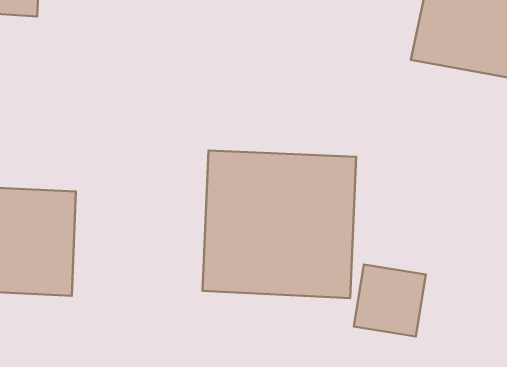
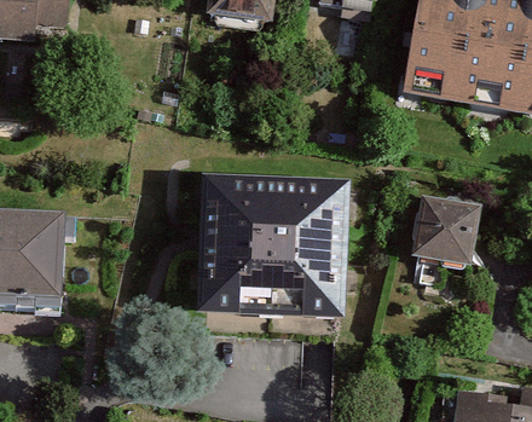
building: [354,264,426,336] -> [410,200,480,270]

